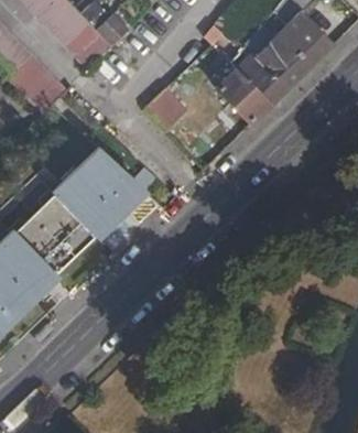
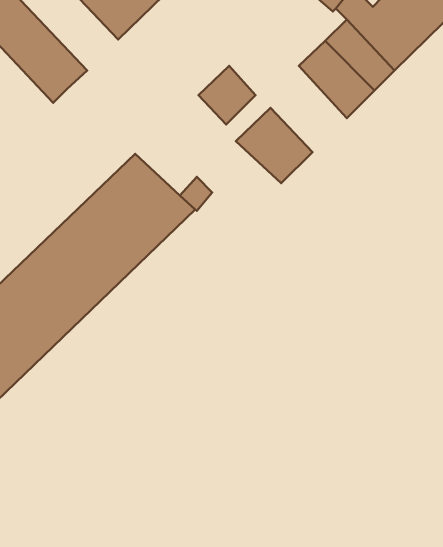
building: none -> [236,108,313,183]

